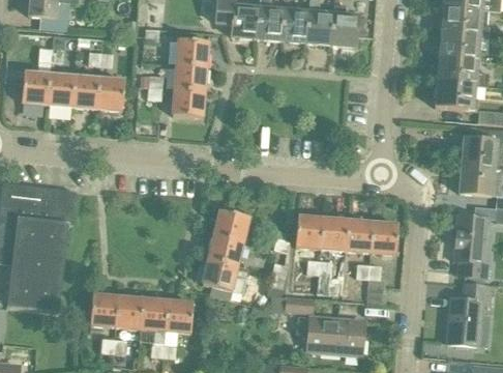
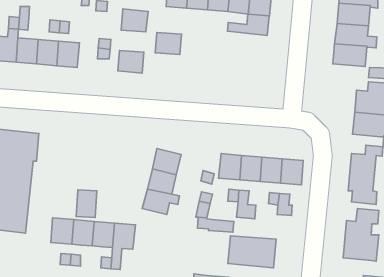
building: none -> [228,14,269,35]
building: [174,64,206,91] -> [155,33,181,55]
building: none -> [76,190,97,217]

